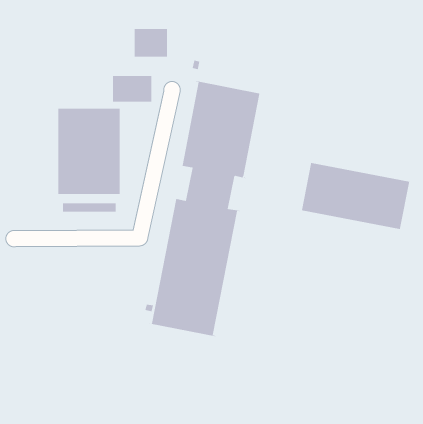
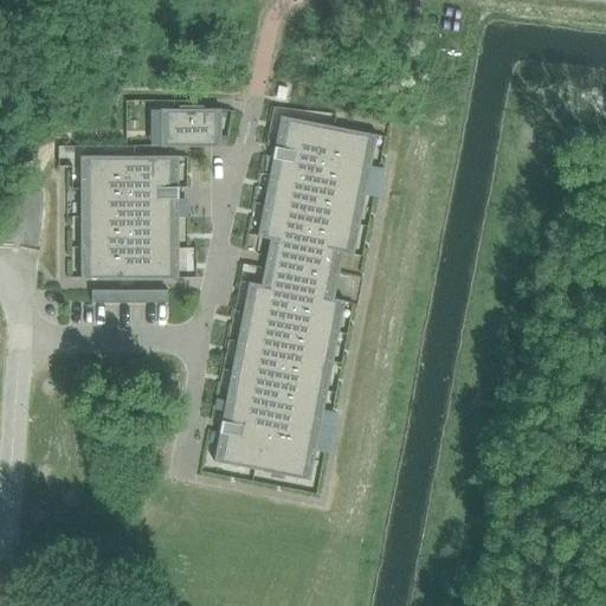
building: [134,28,167,57] -> none
building: [301,162,410,230] -> none

